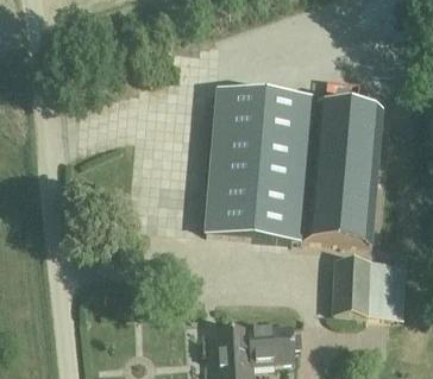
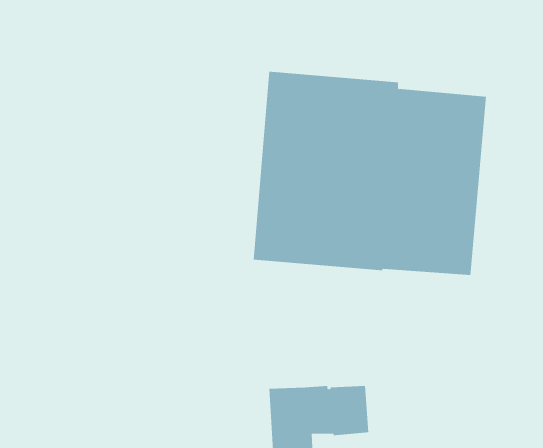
building: [332,257,404,312] -> none

